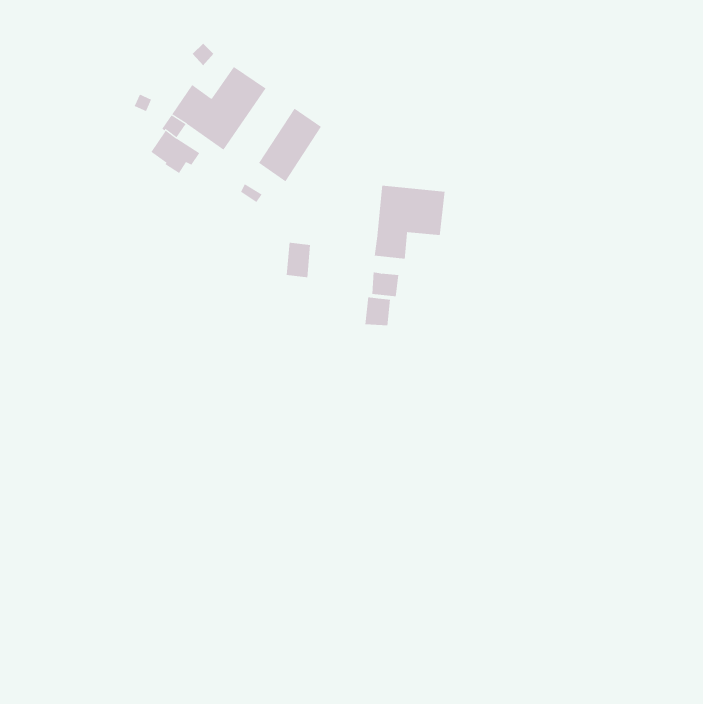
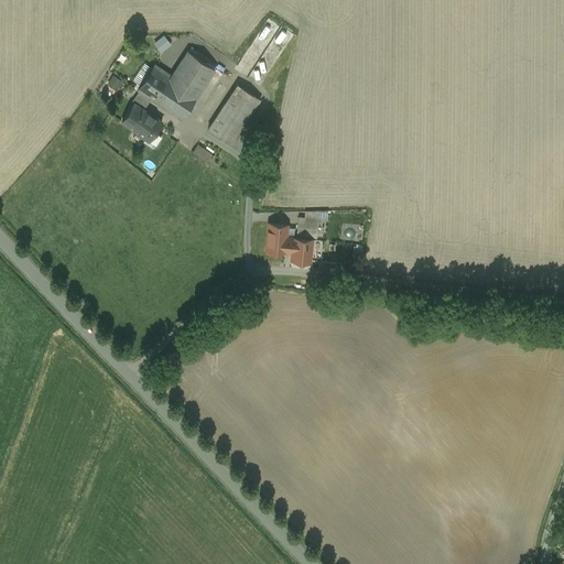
building: [374,185,445,260] -> none
building: [286,242,311,278] -> [269,225,289,253]

